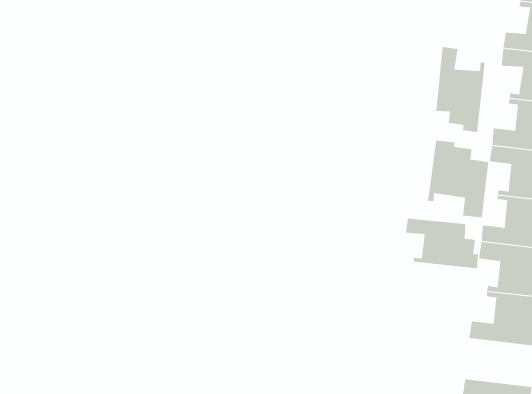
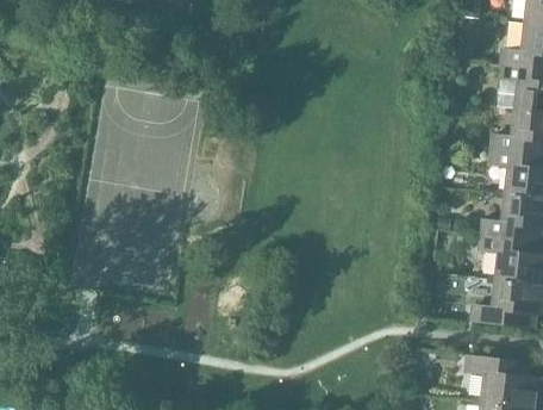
building: [436,46,485,133] -> none
building: [428,140,489,218] -> none
building: [405,218,478,269] -> none

